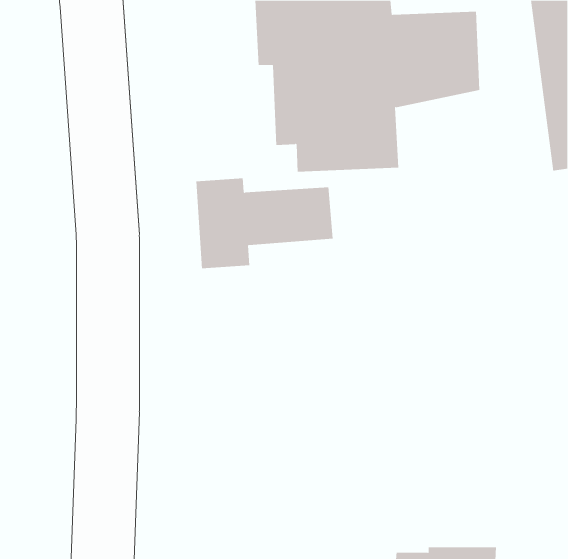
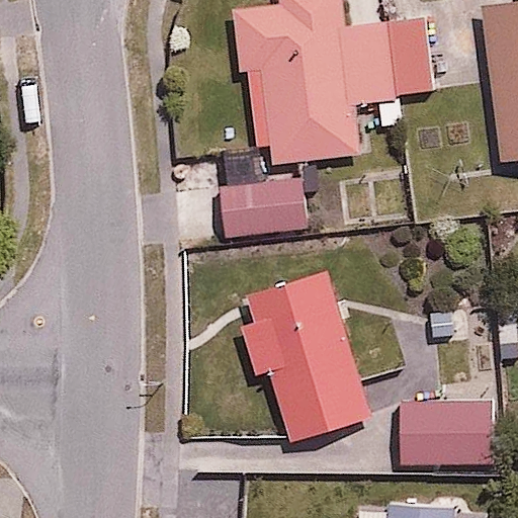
building: none -> [233,272,369,437]
building: none -> [405,403,492,462]

